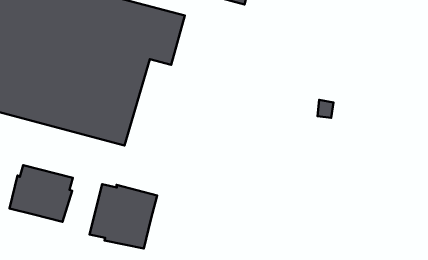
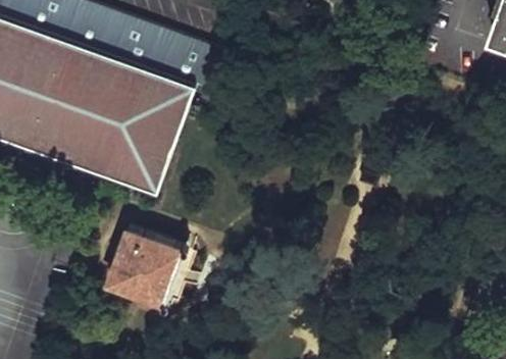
building: [10,165,73,222] -> none

